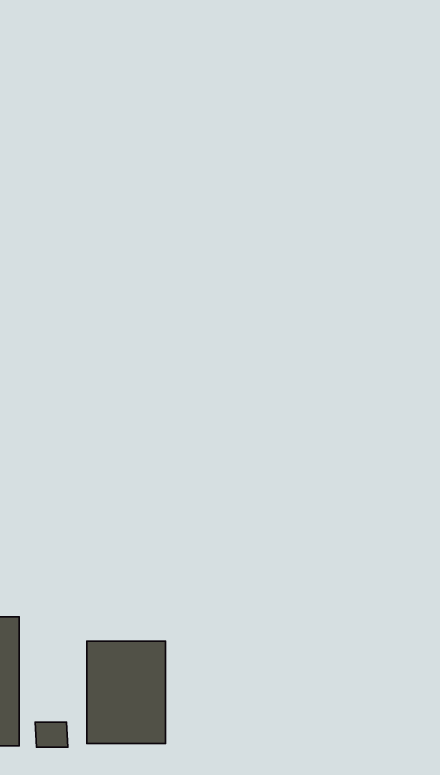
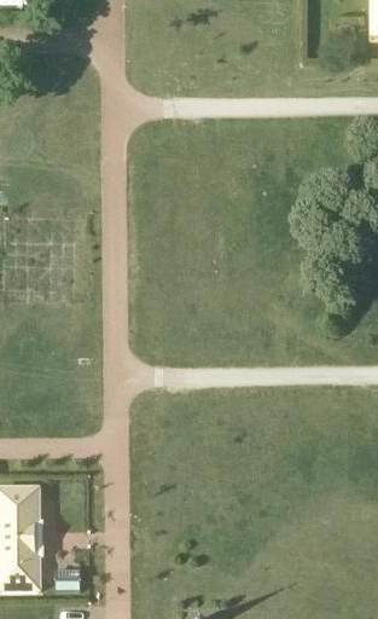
building: [87,641,165,743] -> none

